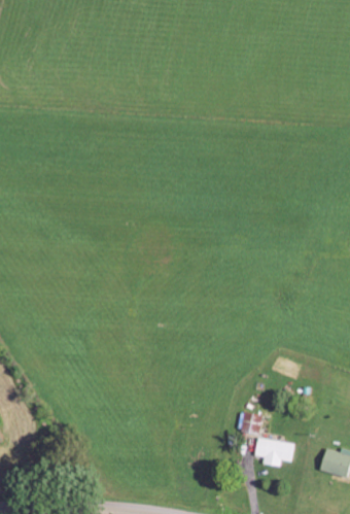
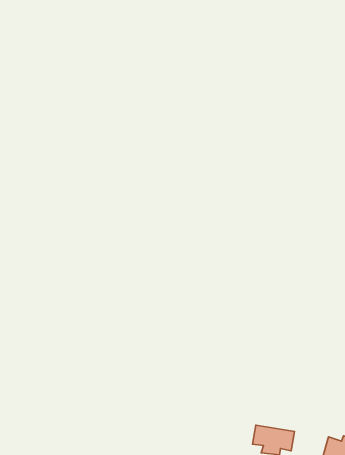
building: [236,411,260,433] -> none

